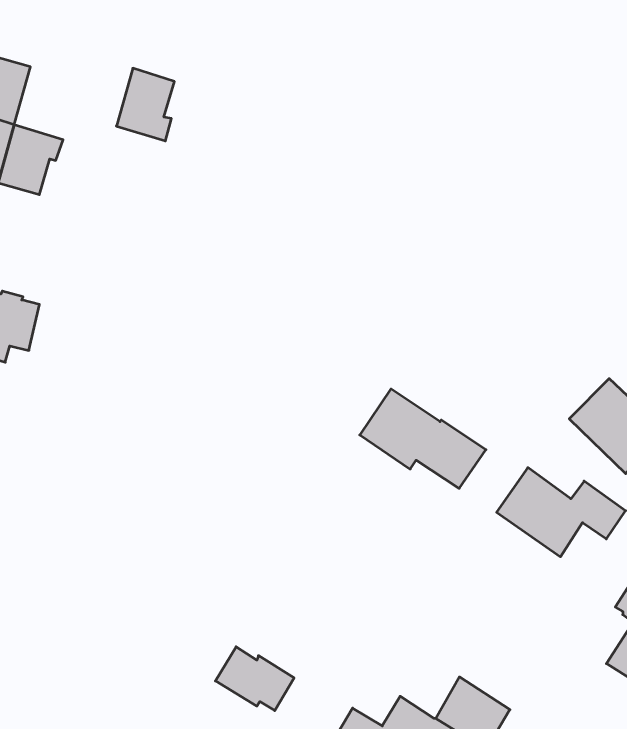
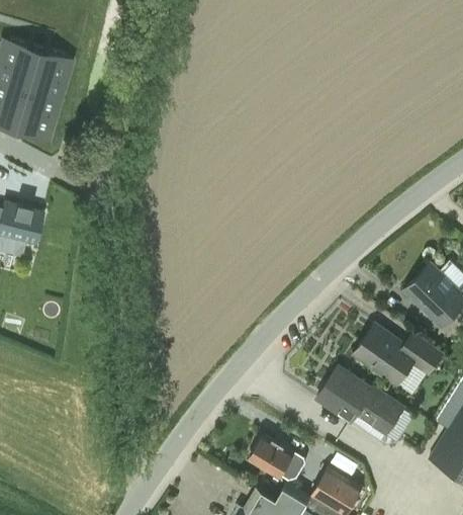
building: [116,68,174,141] -> [25,52,65,101]
building: [360,389,486,488] -> [316,368,402,436]
building: [215,647,294,711] -> [250,437,303,481]

